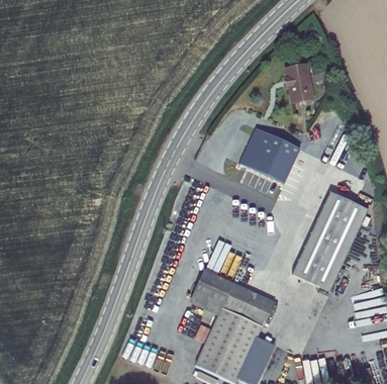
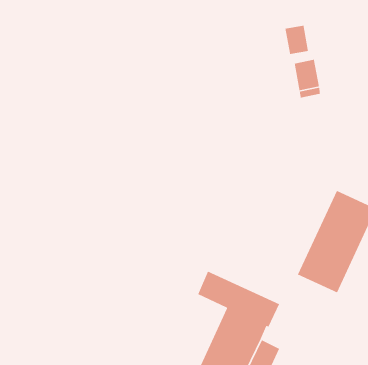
building: none -> [284,25,309,55]
building: [238,127,299,183] -> none

